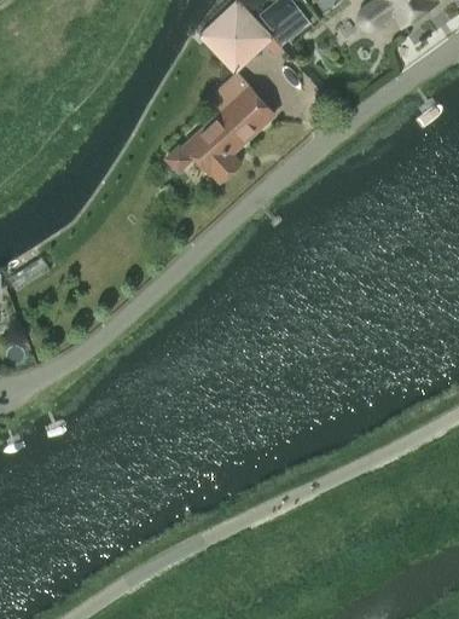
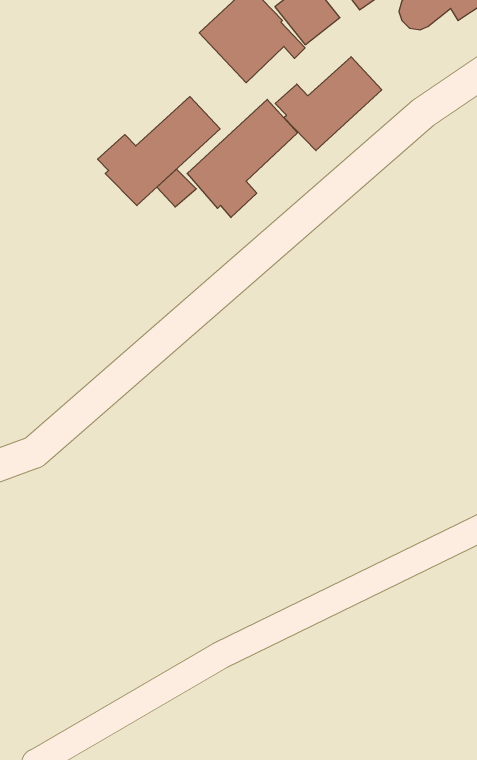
building: none -> [275,57,382,151]
building: none -> [98,97,220,206]

